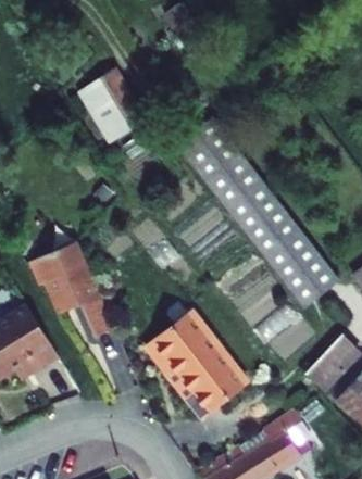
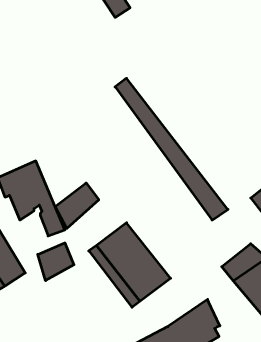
building: [72,70,141,146] -> none
building: [192,114,335,293] -> none
building: none -> [55,183,99,228]
building: none -> [38,243,74,281]

